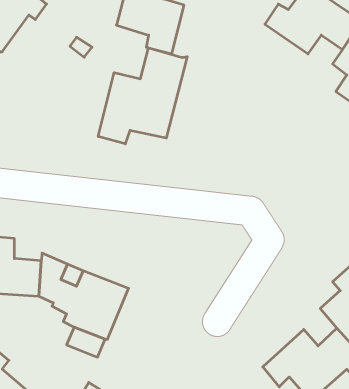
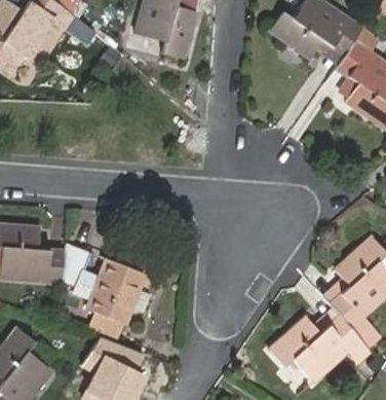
building: [98,48,187,144] -> none

